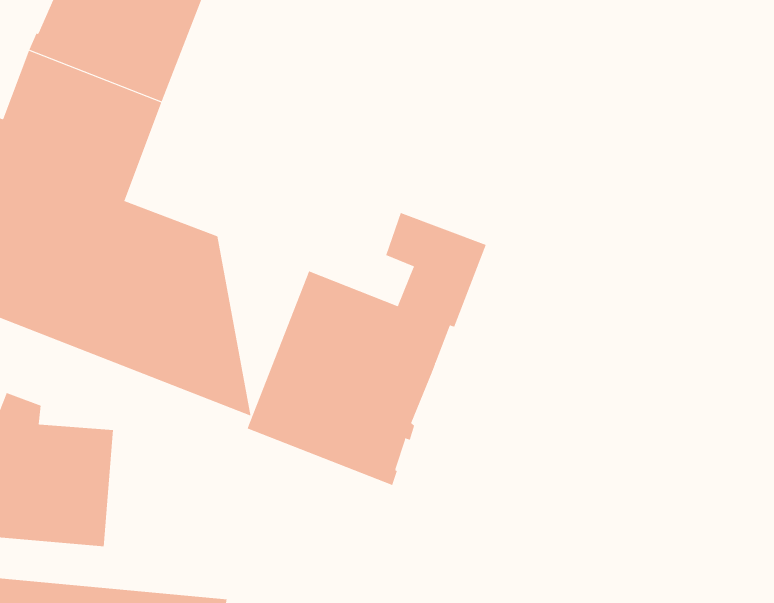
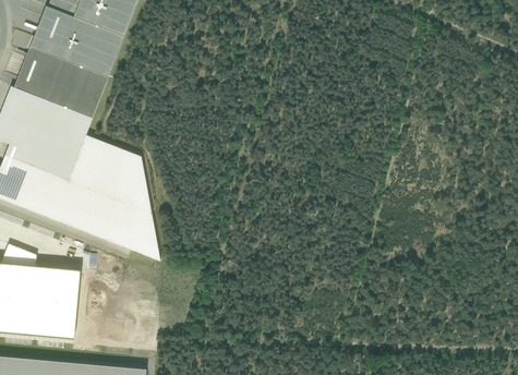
building: [247,212,486,486] -> none

